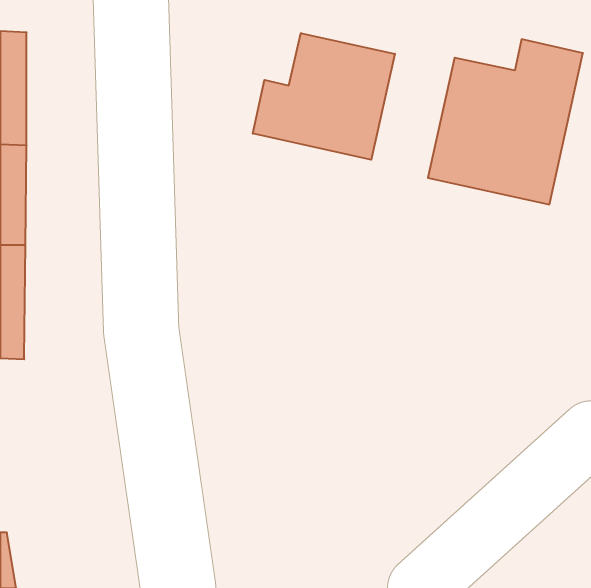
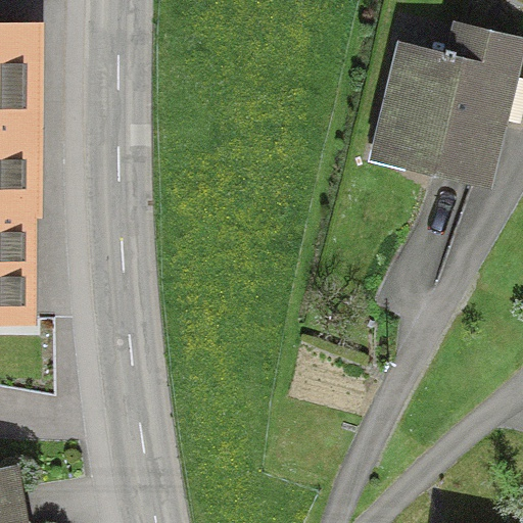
building: [253,33,395,160] -> none

